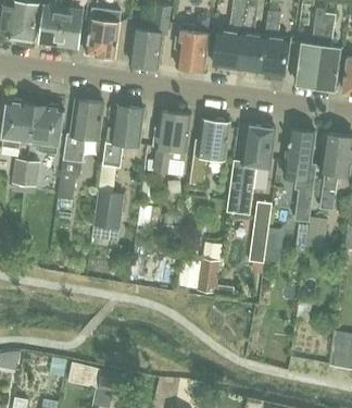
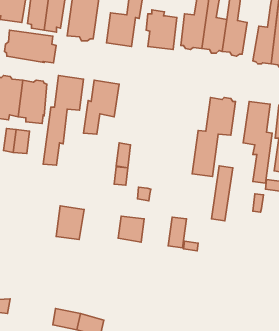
building: none -> [5,30,56,63]
building: [151,111,190,171] -> none
building: [190,119,229,177] -> none
building: [92,191,124,230] -> [56,206,84,239]

